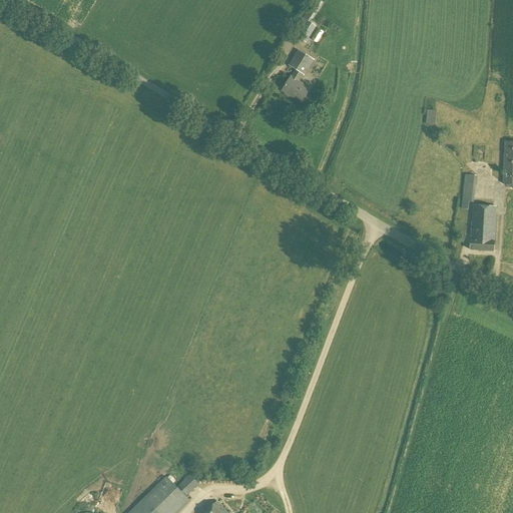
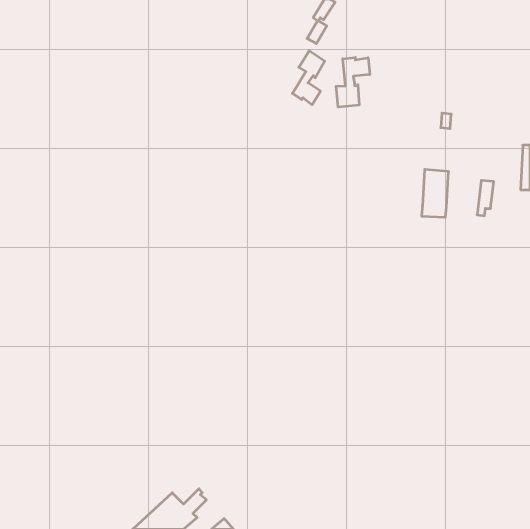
building: none -> [336,57,370,107]
building: [470,204,496,250] -> [422,169,449,217]

